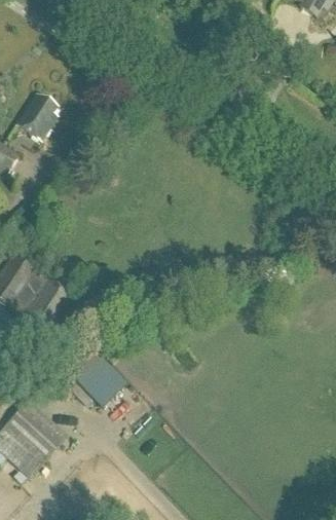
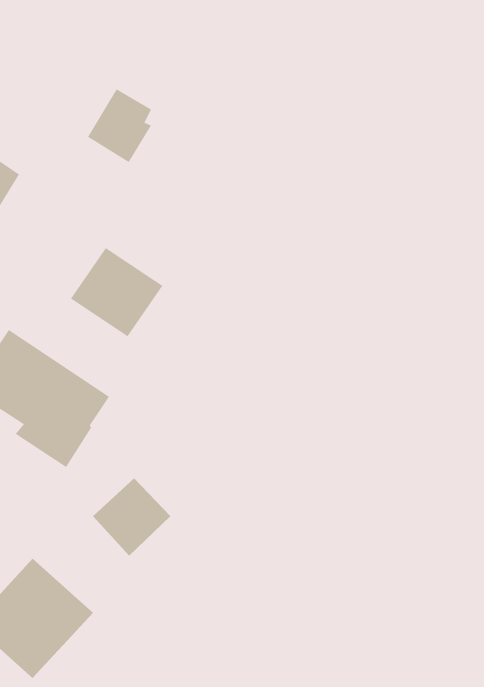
building: [16,90,58,138] -> [87,89,152,163]
building: none -> [70,247,163,337]

